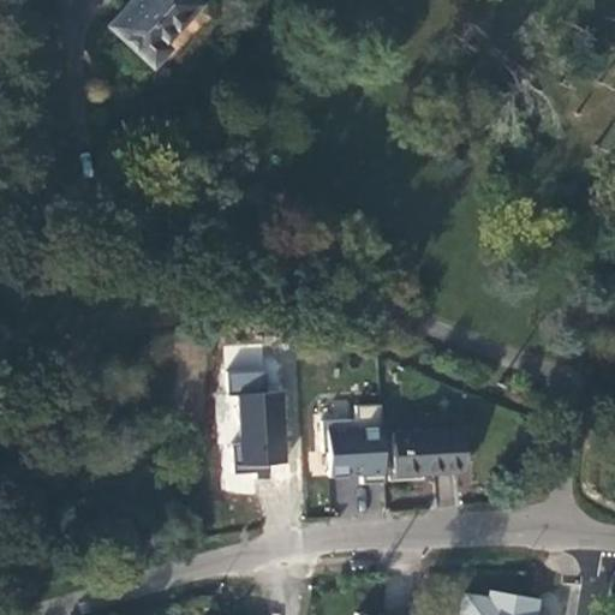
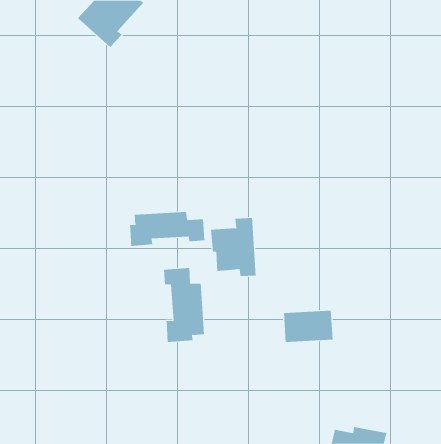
building: none -> [130,211,205,247]
building: [323,402,387,484] -> [210,218,256,277]

